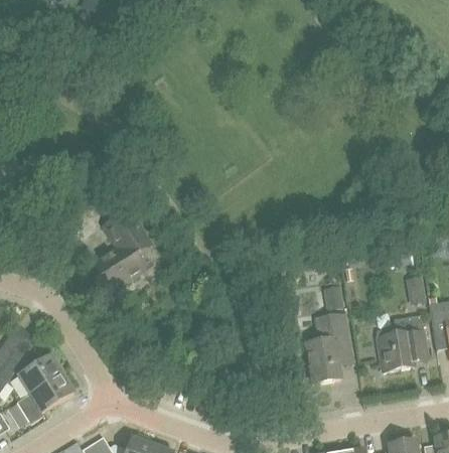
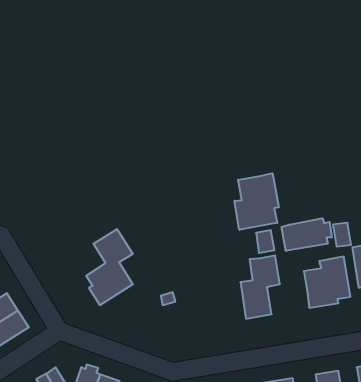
building: [95,208,146,292] -> [86,229,133,305]
building: none -> [235,173,279,230]
building: none -> [282,218,332,251]

